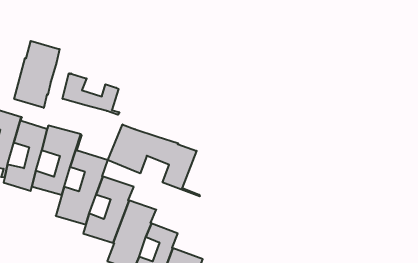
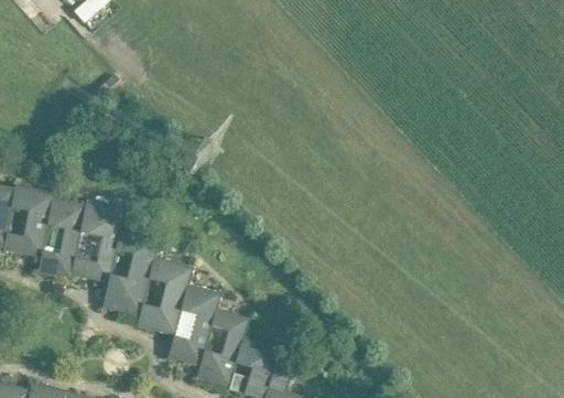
building: [14,41,60,108] -> none
building: [63,73,119,115] -> none
building: [108,124,200,196] -> none

